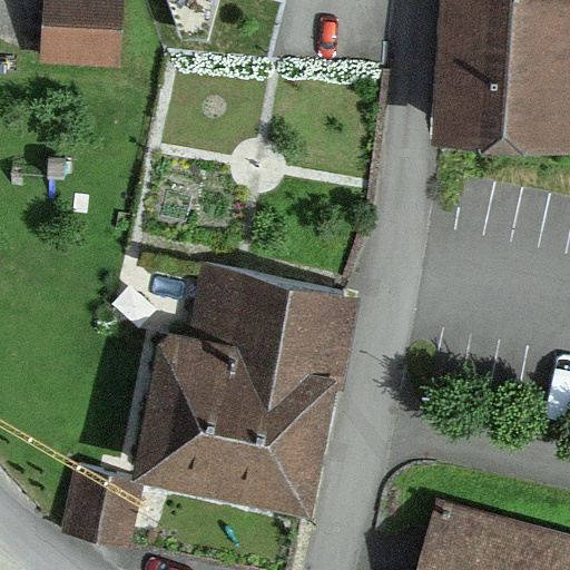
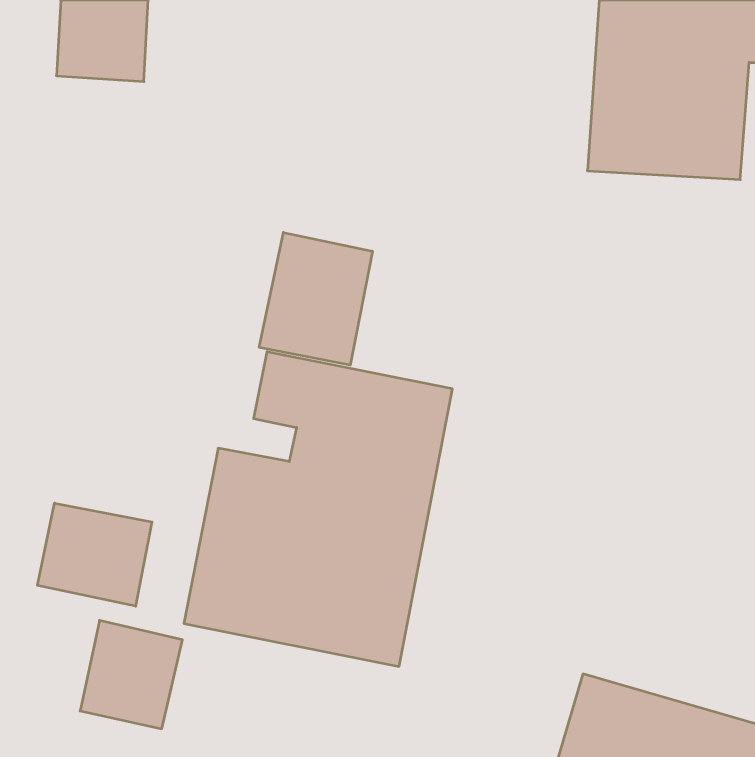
building: none -> [259,232,372,365]
building: none -> [37,503,152,606]

